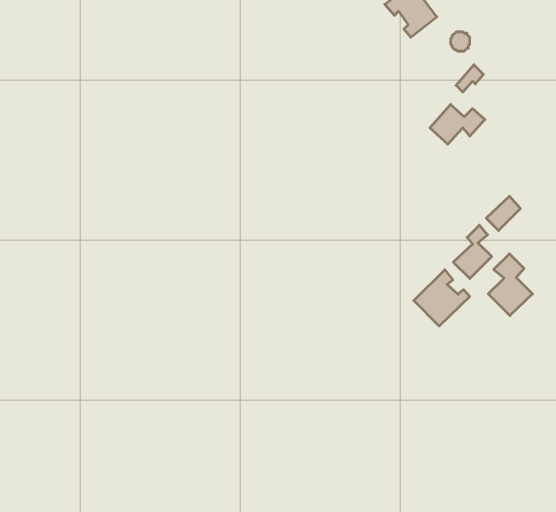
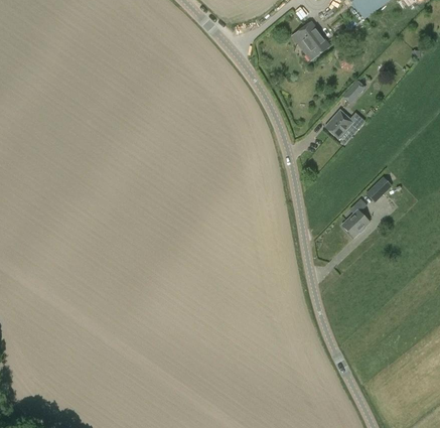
building: [488,254,533,316] -> none
building: [414,270,470,326] -> none

